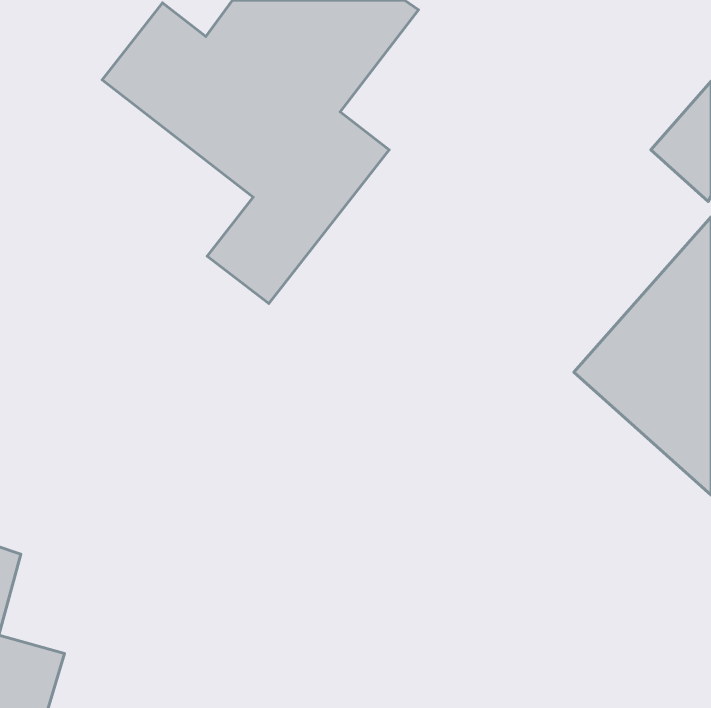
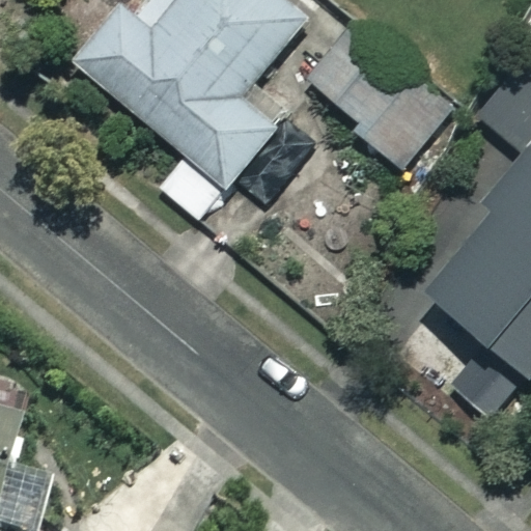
building: none -> [313,26,454,171]

